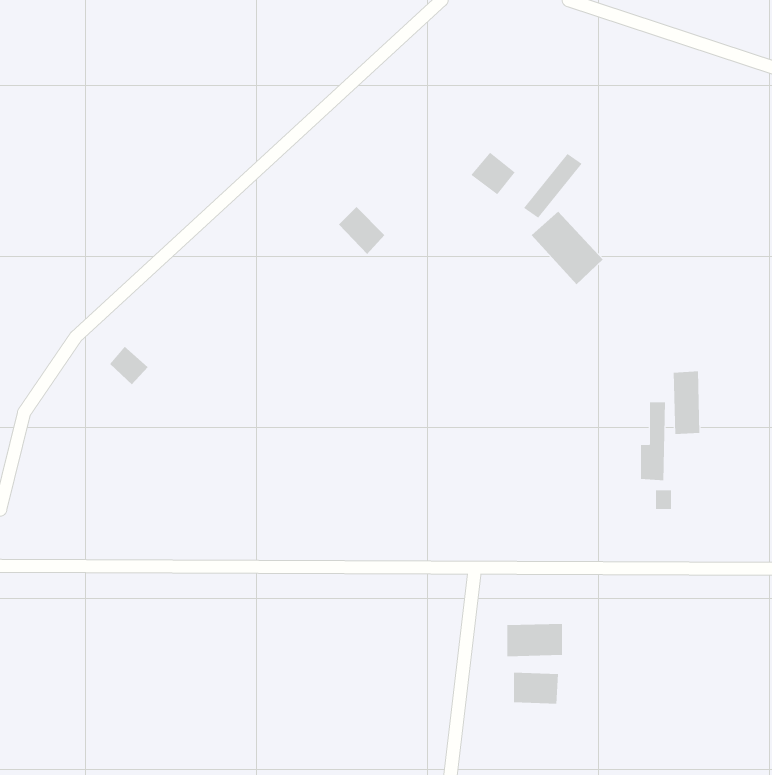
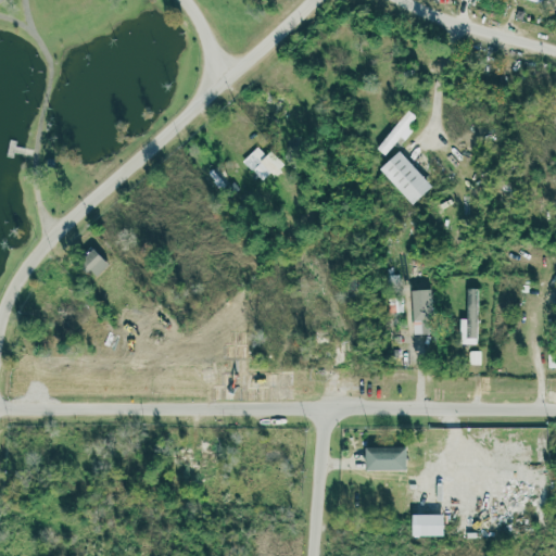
building: [470,152,516,195] -> none
building: [673,371,700,435] -> [413,289,432,334]
building: [513,672,559,704] -> [412,514,444,536]

